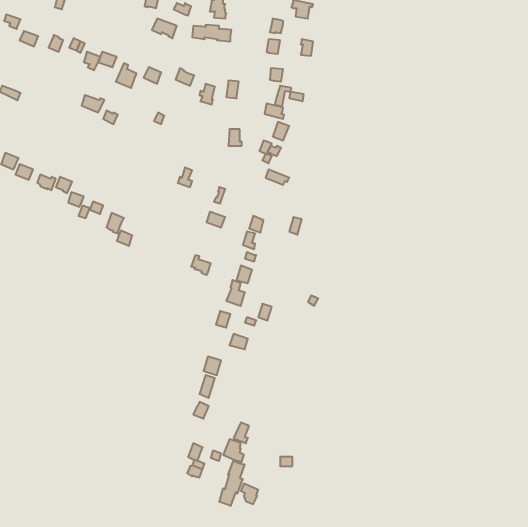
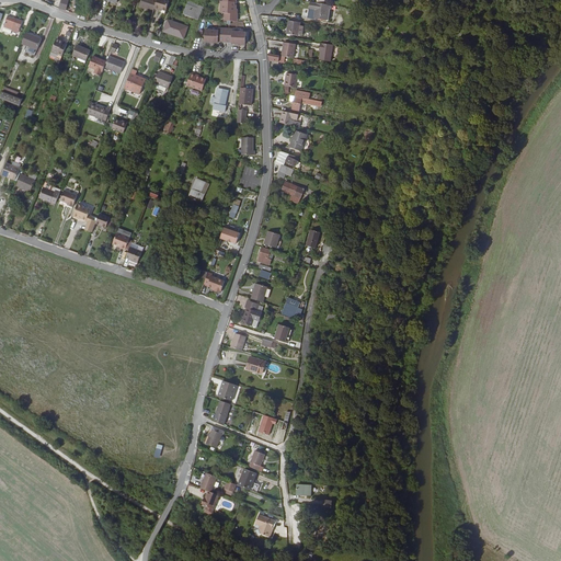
building: [219,461,245,506] -> none

